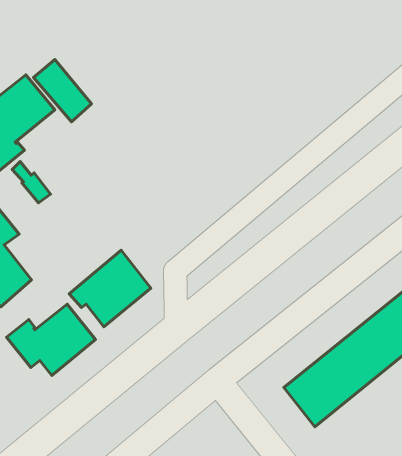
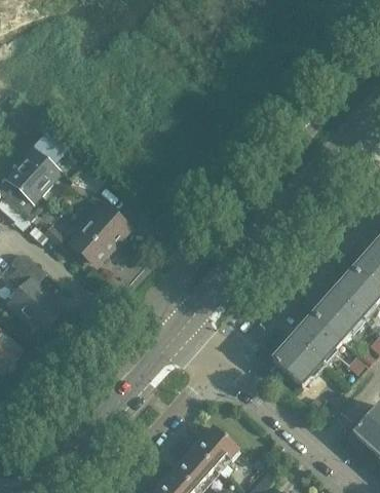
building: [69,250,151,327] -> [68,200,130,262]
building: [6,304,95,375] -> none

